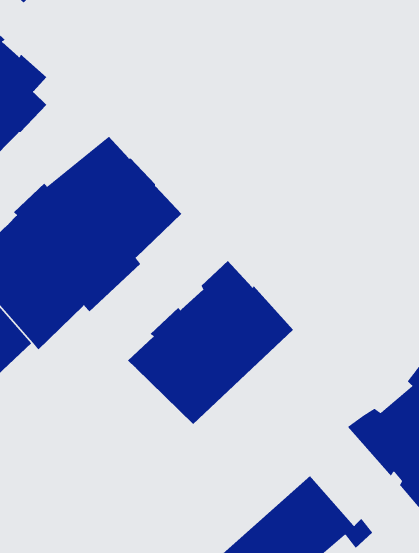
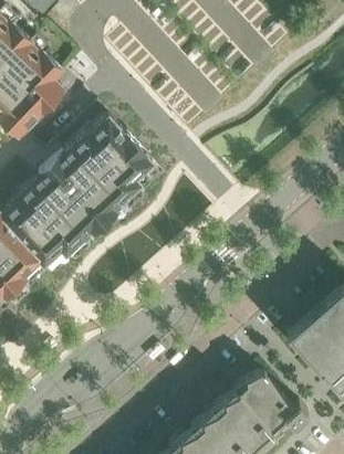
building: [127,260,294,425] -> none

